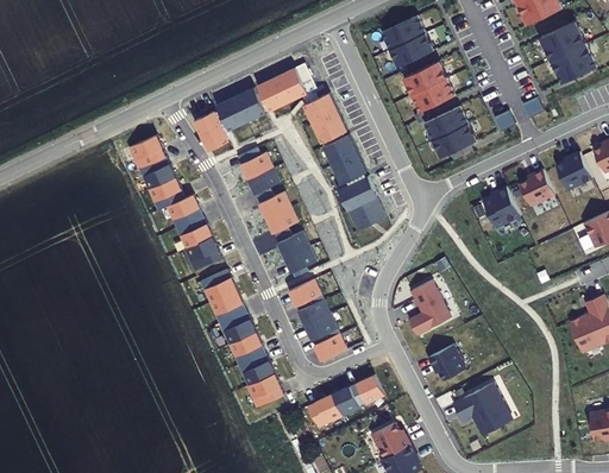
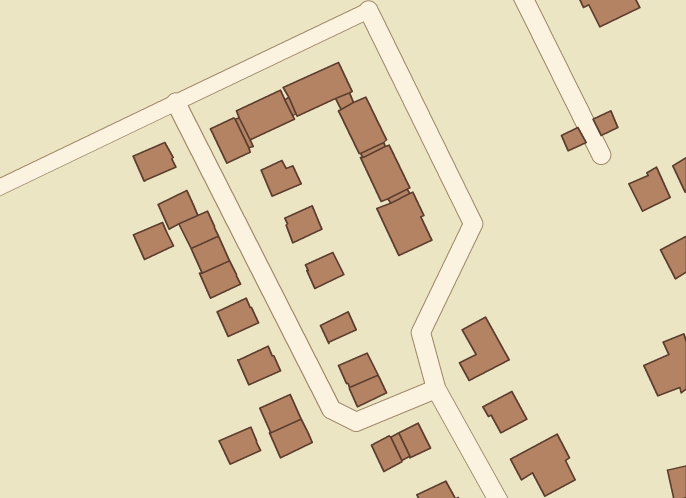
building: [384,23,435,74] -> none
building: [542,29,598,90] -> none
building: [406,68,457,118] -> none
building: [427,112,478,162] -> none
building: [138,152,172,184] -> [134,222,173,260]
building: [246,166,281,196] -> none
building: [519,170,554,207] -> none
building: [482,188,520,229] -> none
building: [264,206,299,236] -> none
building: [283,245,314,276] -> none
building: [208,286,243,319] -> none
building: [295,292,328,323] -> none
building: [226,328,262,360] -> [219,427,261,464]
building: [307,392,343,427] -> none

